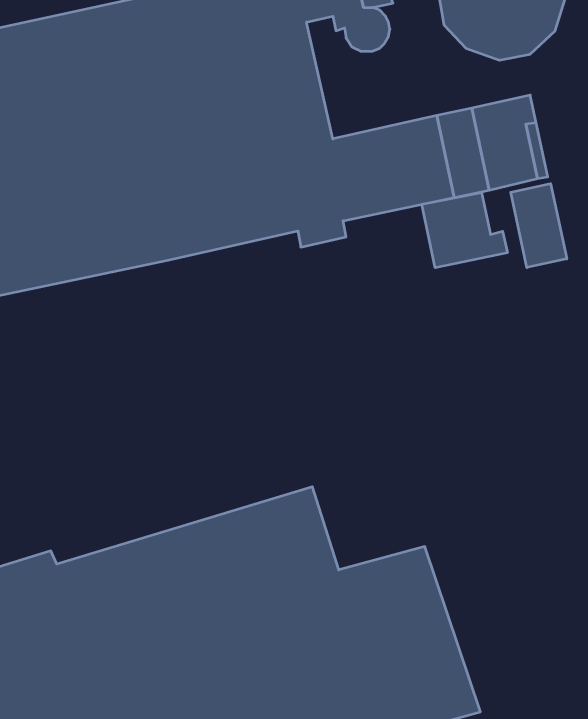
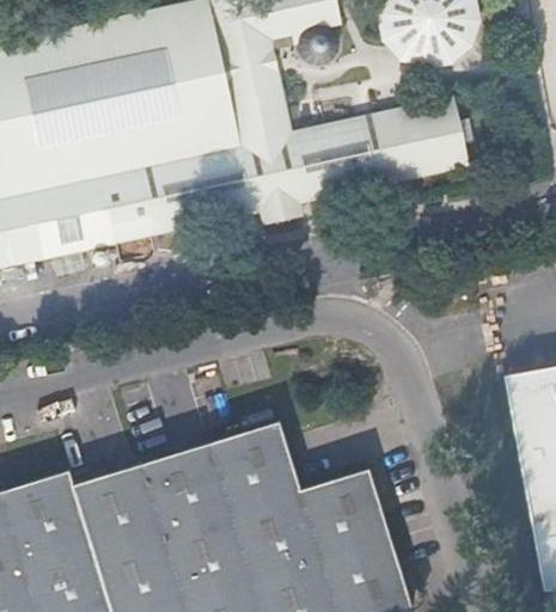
building: [511,184,567,268] -> none
building: [422,192,507,268] -> none

